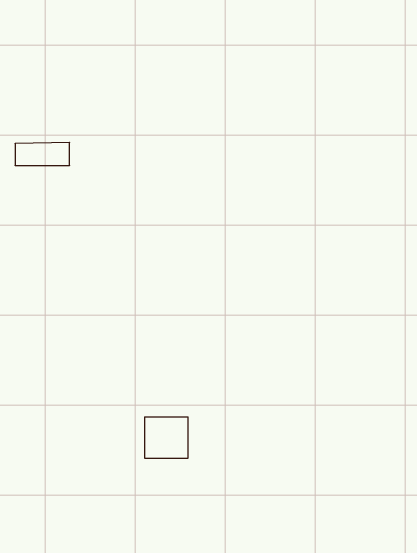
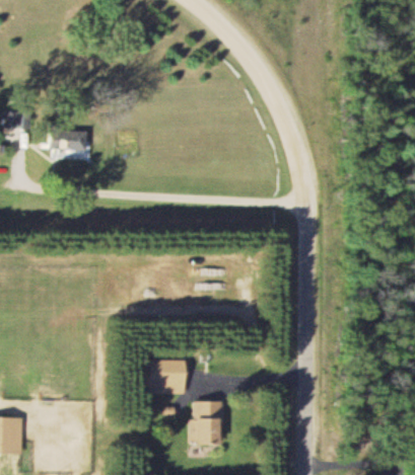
building: none -> [192,402,222,445]

